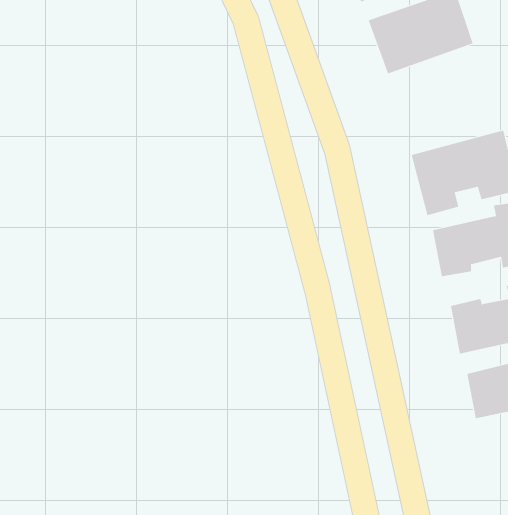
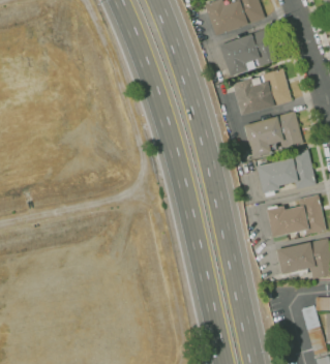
building: none -> [231,67,291,115]

